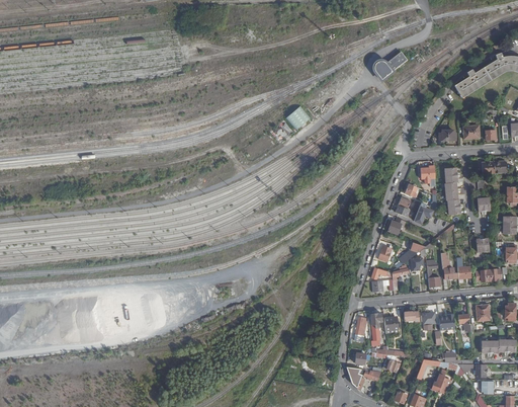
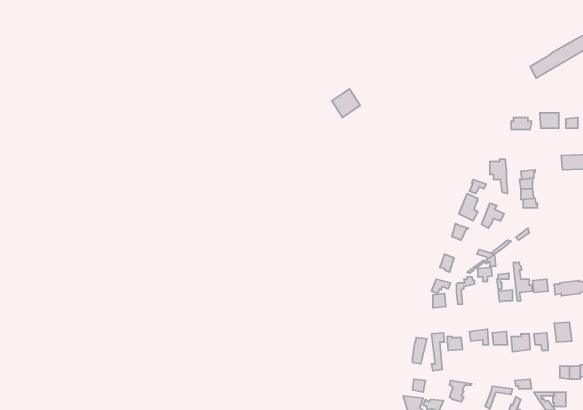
building: [370,51,408,79] -> none

